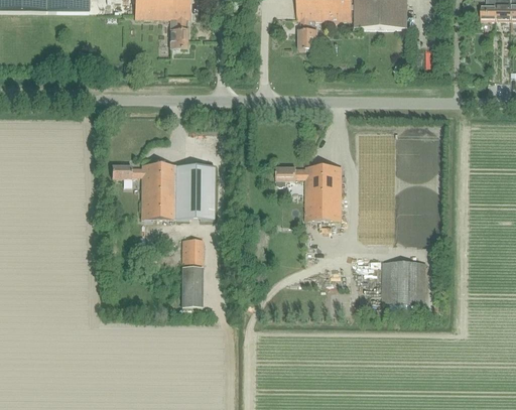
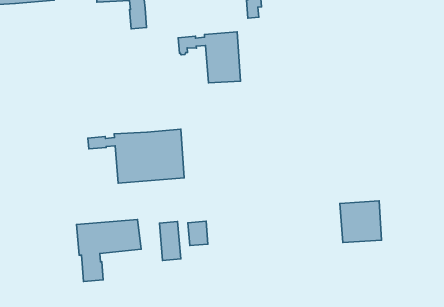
building: [276,165,342,220] -> [178,32,241,83]
building: [182,238,203,263] -> [188,221,208,246]
building: none -> [77,219,141,281]

